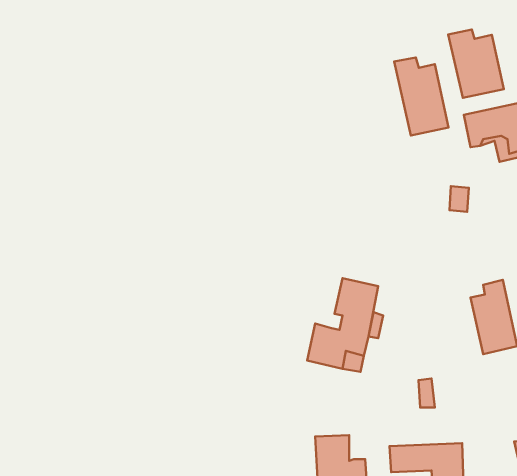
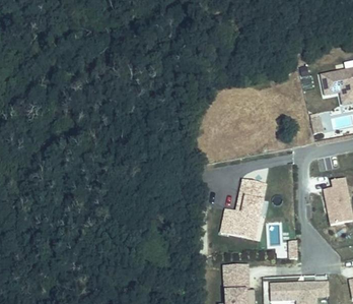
building: [448,30,504,98] -> none
building: [394,57,449,135] -> none

